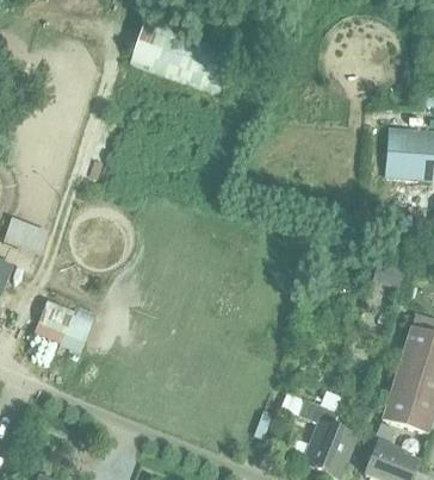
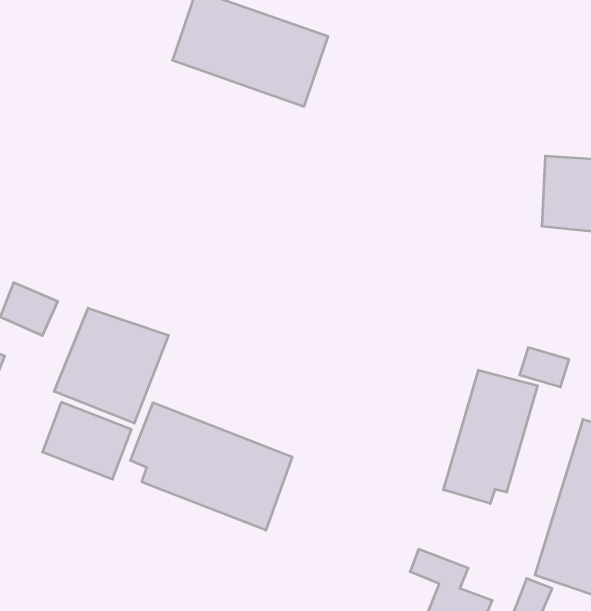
building: none -> [54,308,169,423]
building: none -> [443,370,538,504]
building: none -> [130,403,292,530]

